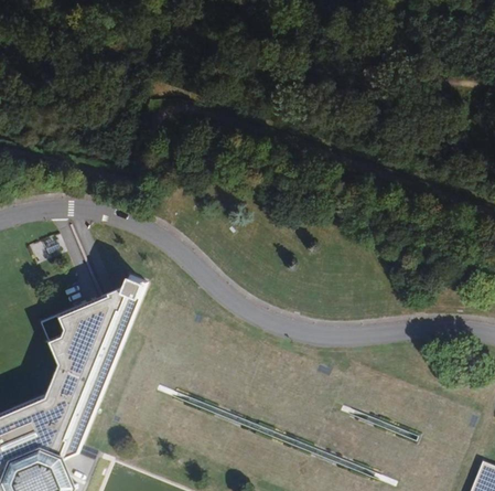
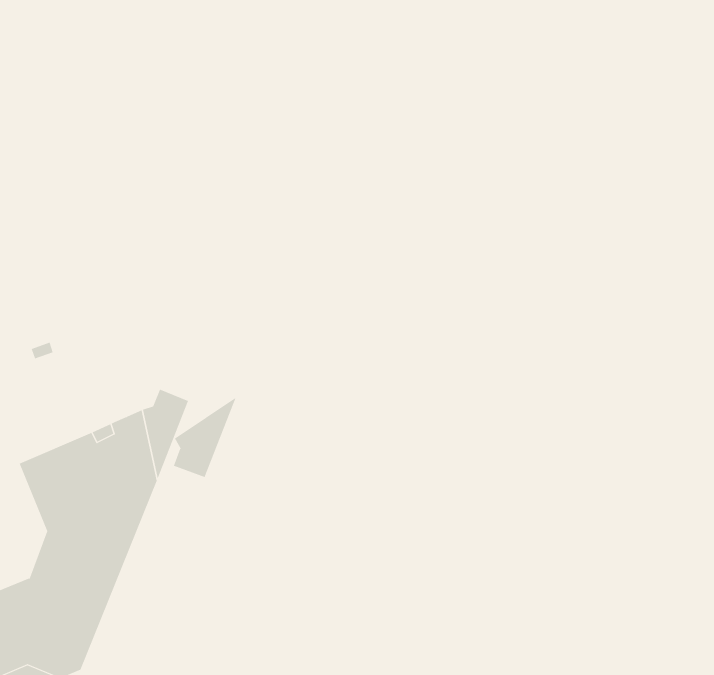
building: none -> [173,396,237,478]

